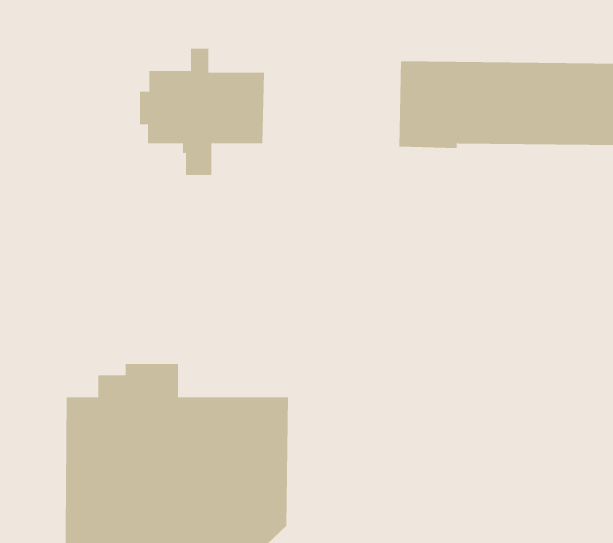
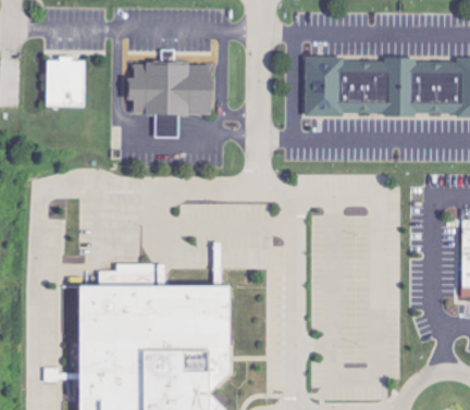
building: none -> [46,57,86,105]

